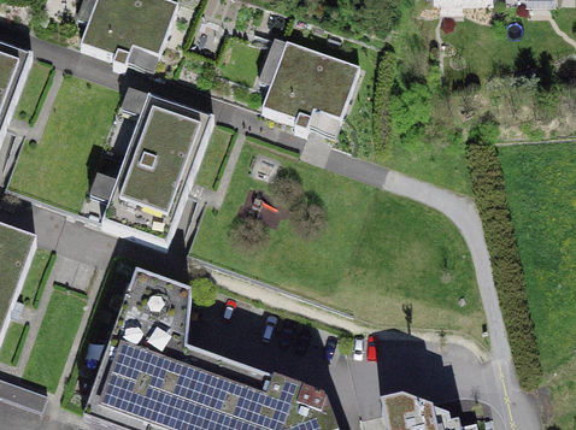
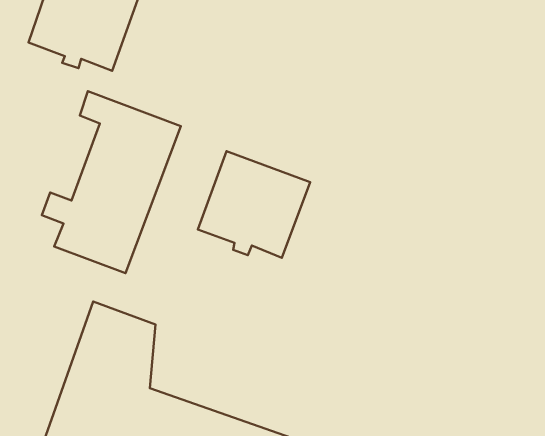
building: [257,37,357,132] -> [198,151,310,258]

